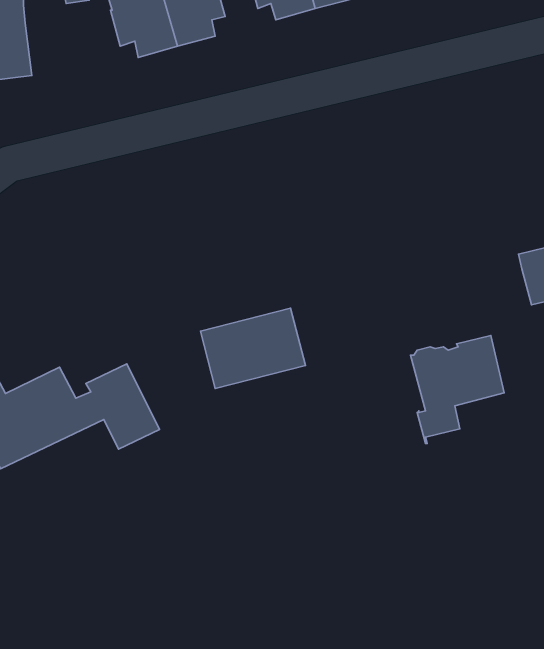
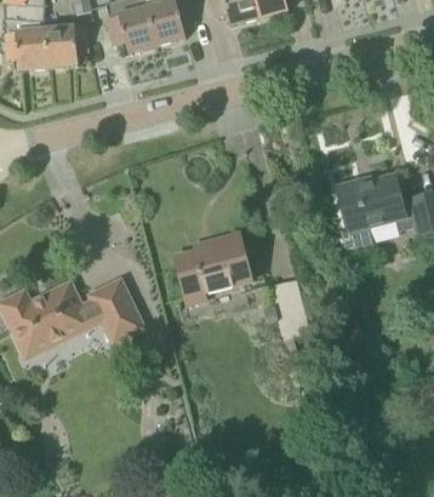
building: none -> [45,24,88,67]
building: [411,335,504,444] -> [337,175,406,255]

